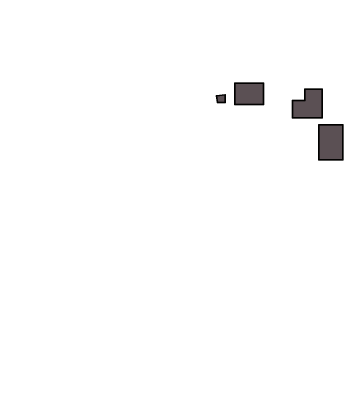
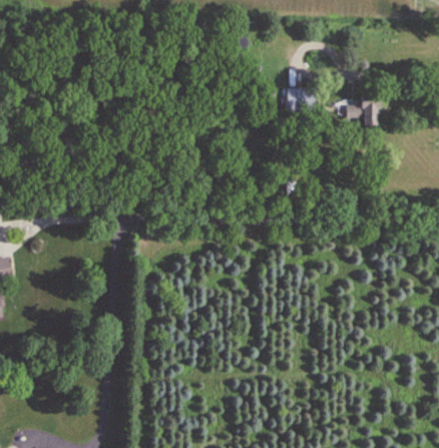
building: [319,125,343,160] -> none

